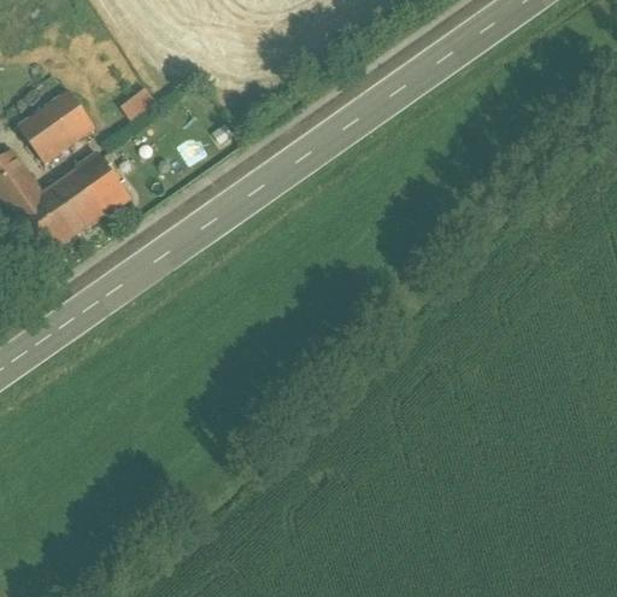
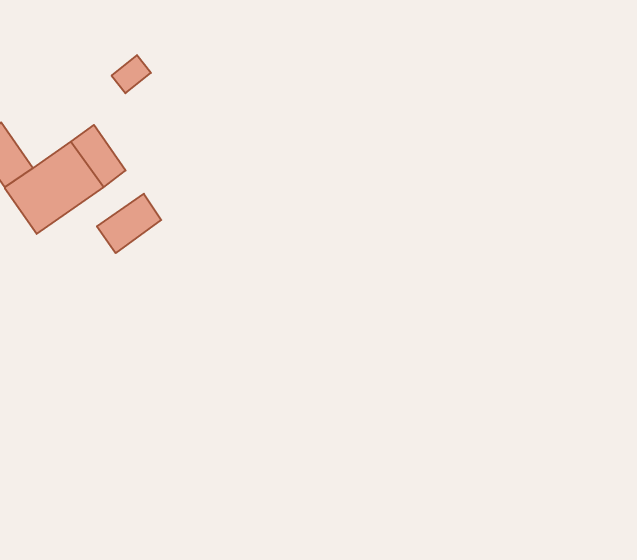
building: [19,88,94,160] -> none
building: none -> [97,194,161,253]

